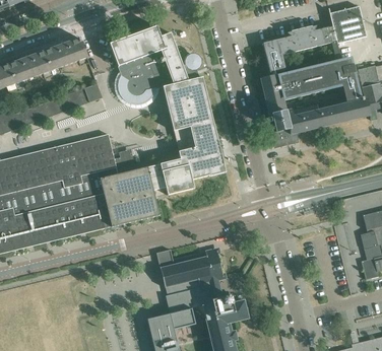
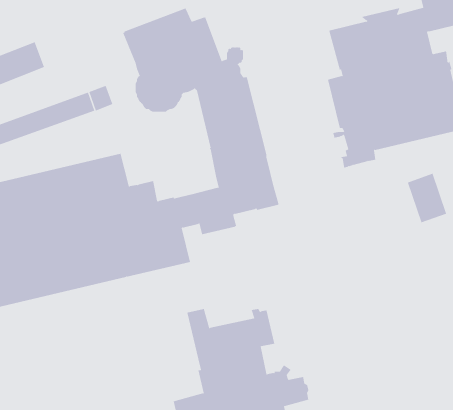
building: [44,38,86,70] -> none
building: none -> [407,173,447,223]

